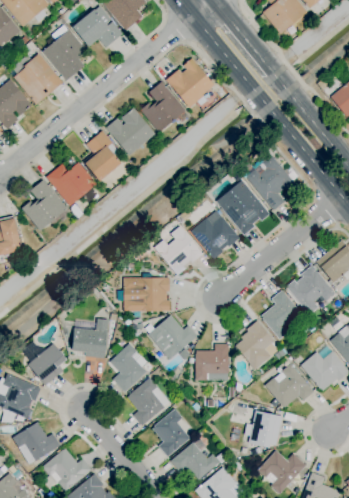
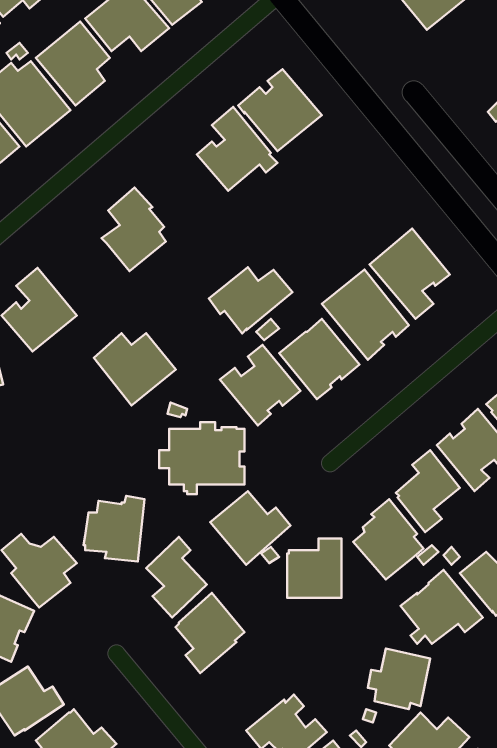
building: [106,107,155,155] -> none
building: [46,162,96,206] -> [94,333,176,406]
building: none -> [209,267,293,333]
building: [152,408,189,457] -> none

